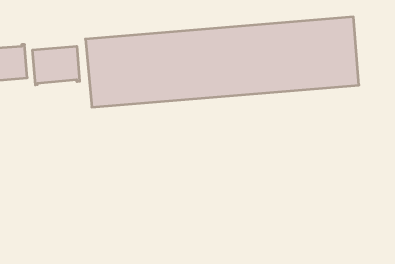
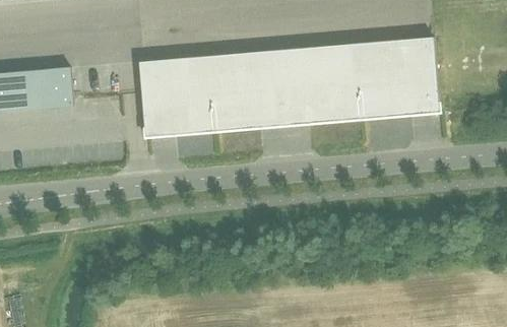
building: [33,46,80,85] -> none

